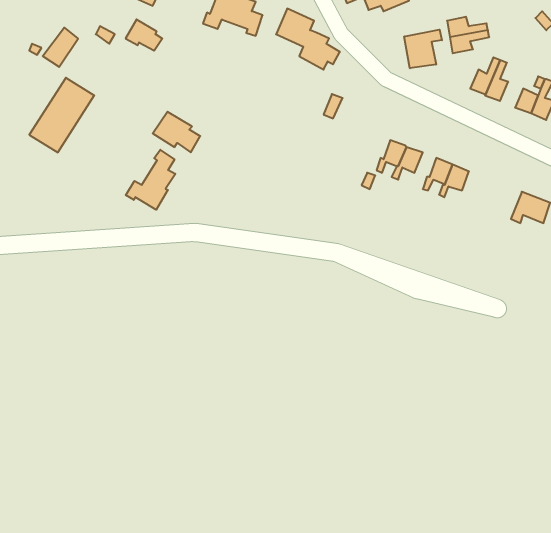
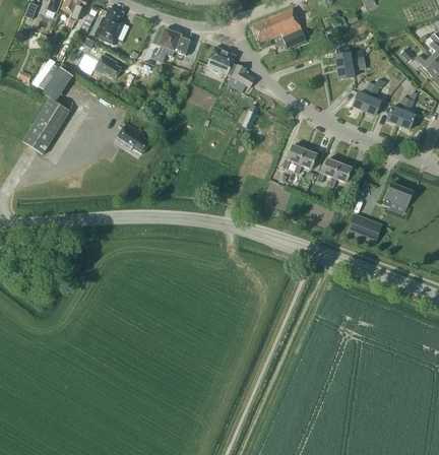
building: [404,30,442,68] -> none
building: none -> [44,67,74,102]
building: [126,150,175,210] -> none
building: none -> [349,213,383,243]

